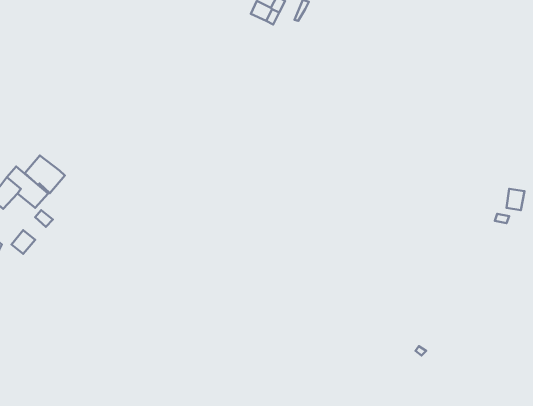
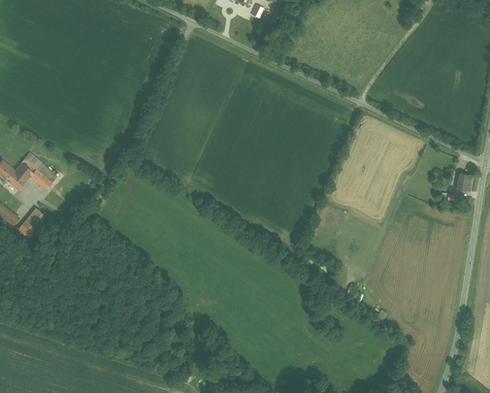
building: [25,156,65,193] -> none

